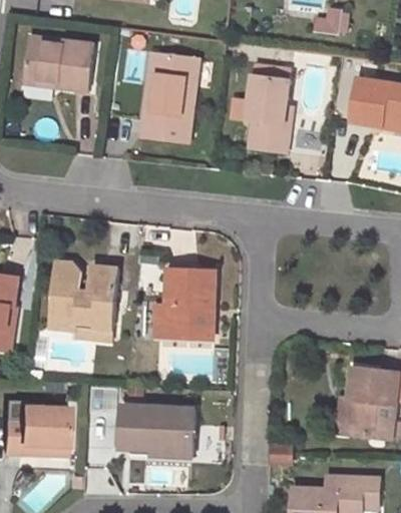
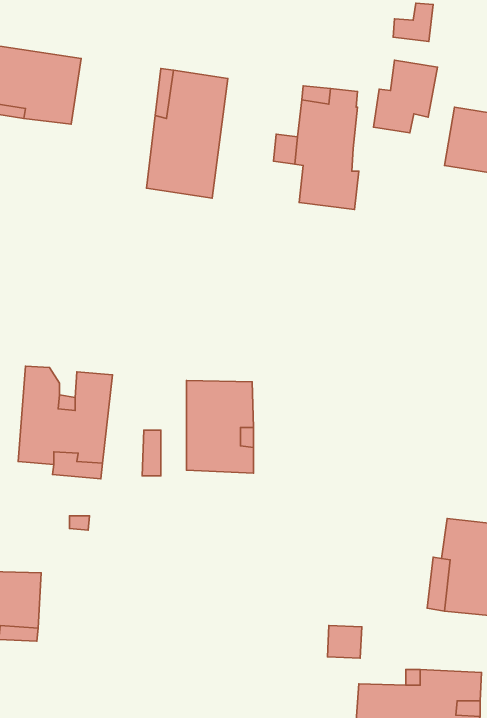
building: none -> [373,60,438,133]
building: [120,405,192,456] -> none

